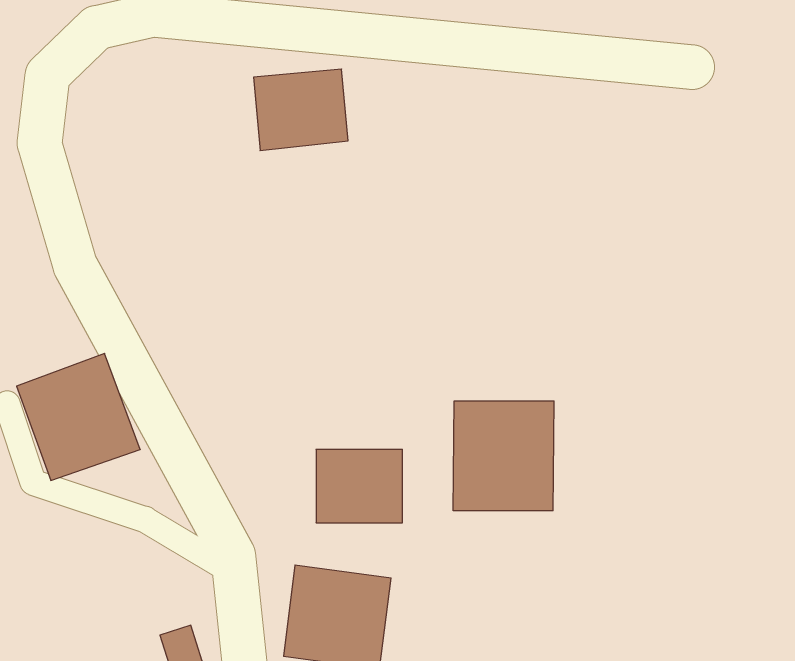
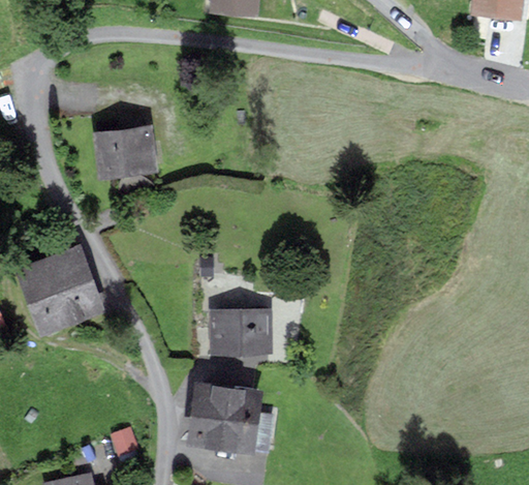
building: [254,69,348,151] -> [93,129,153,181]
building: [453,401,554,511] -> none

